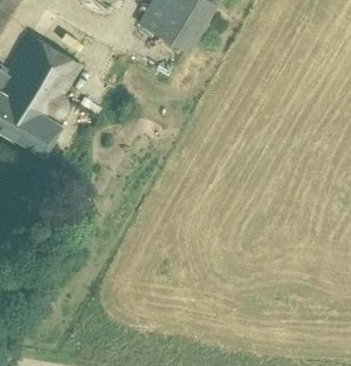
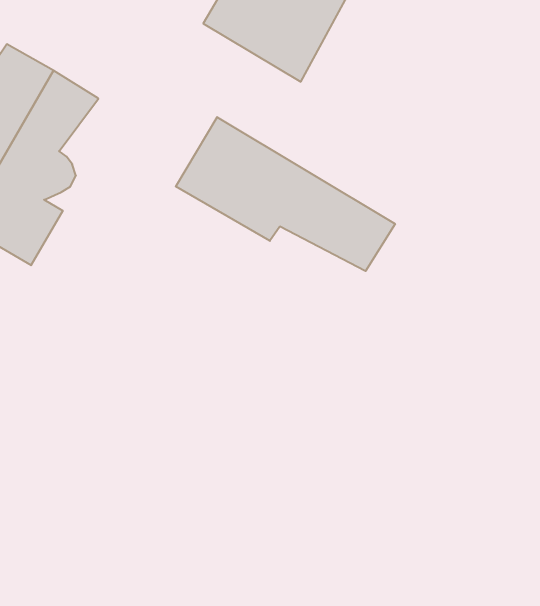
building: none -> [176,117,395,271]

